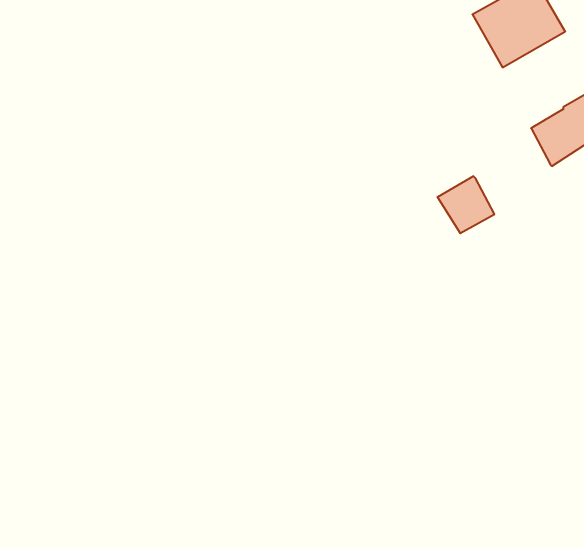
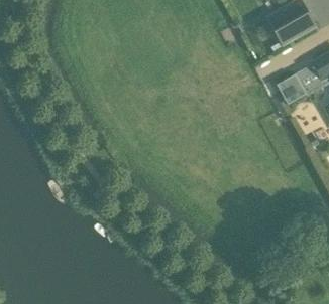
building: [437,176,494,233] -> [277,77,307,107]

